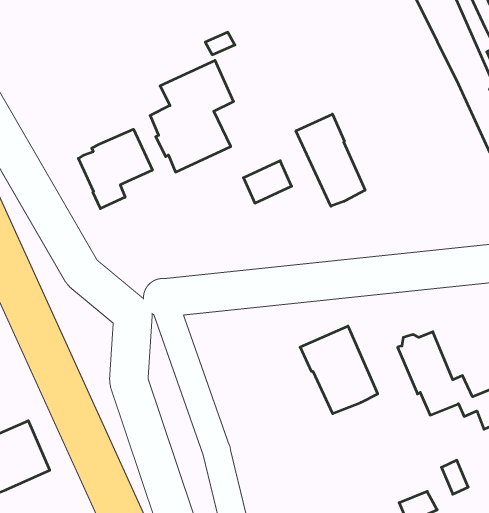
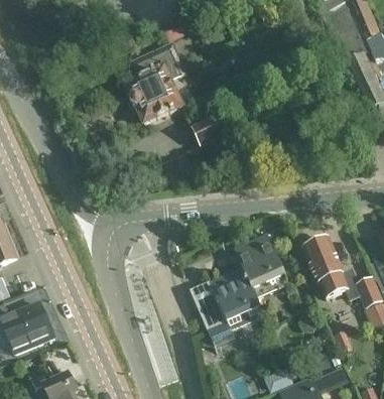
building: [296,114,365,206] -> none
building: [78,129,152,209] -> none
building: none -> [189,265,264,351]

